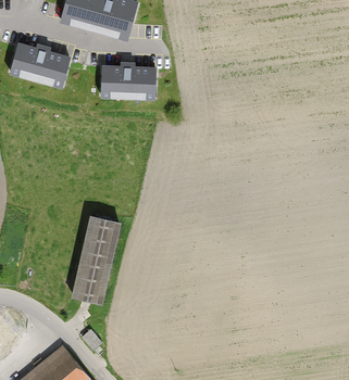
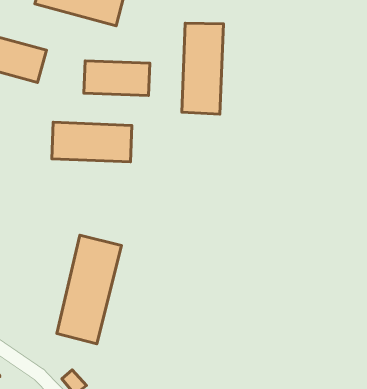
building: none -> [182,23,223,114]
building: none -> [52,122,132,162]

